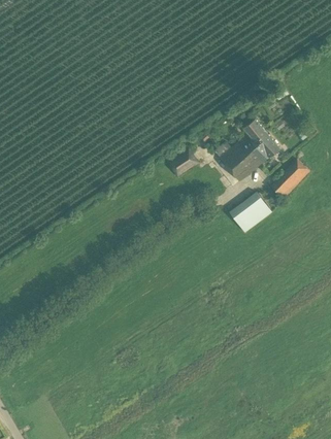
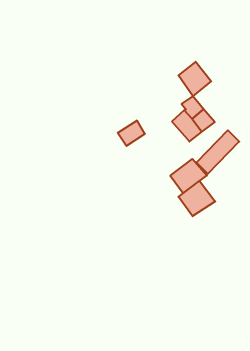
building: none -> [178,62,211,96]
building: [219,148,251,181] -> none
building: none -> [178,181,215,216]

